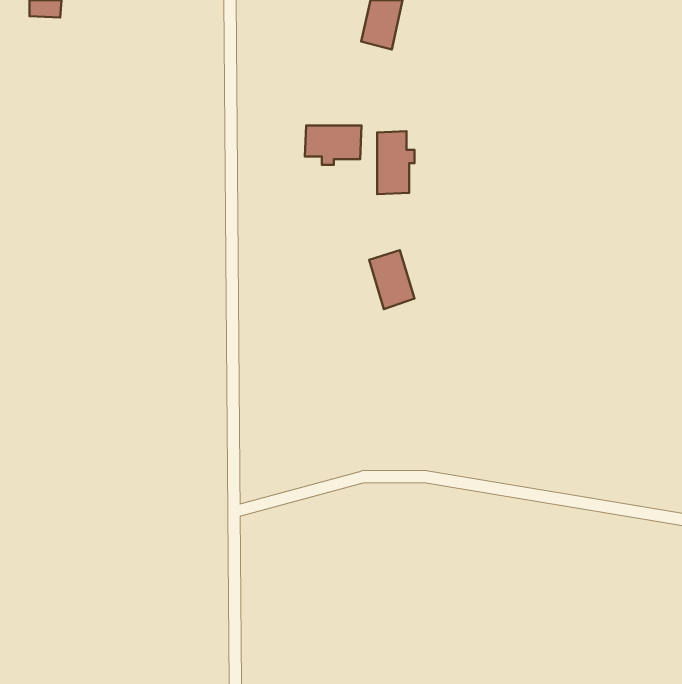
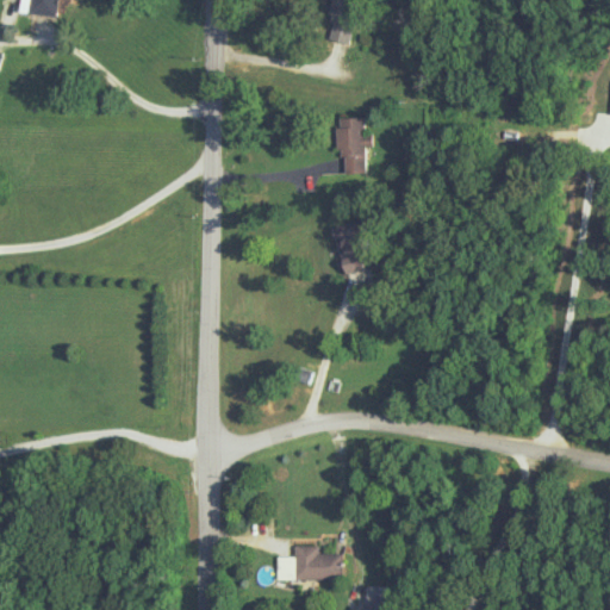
building: [305,126,362,165] -> none
building: none -> [294,546,343,579]

